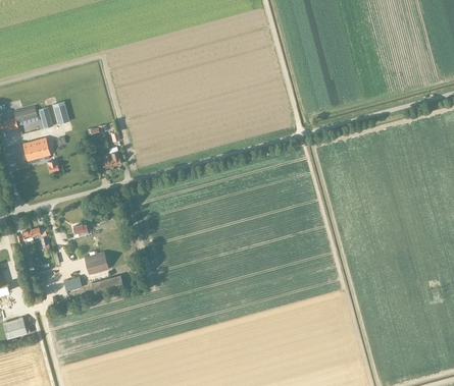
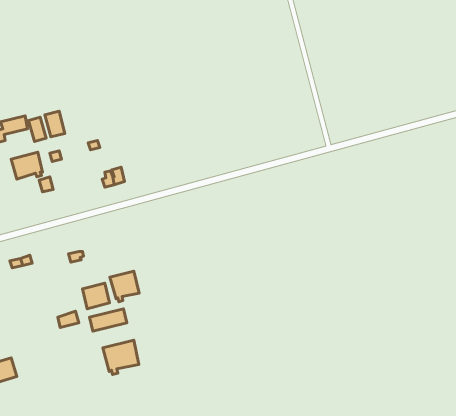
building: none -> [110,271,139,302]
building: none -> [103,340,139,374]

